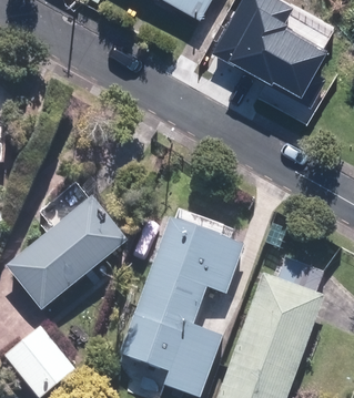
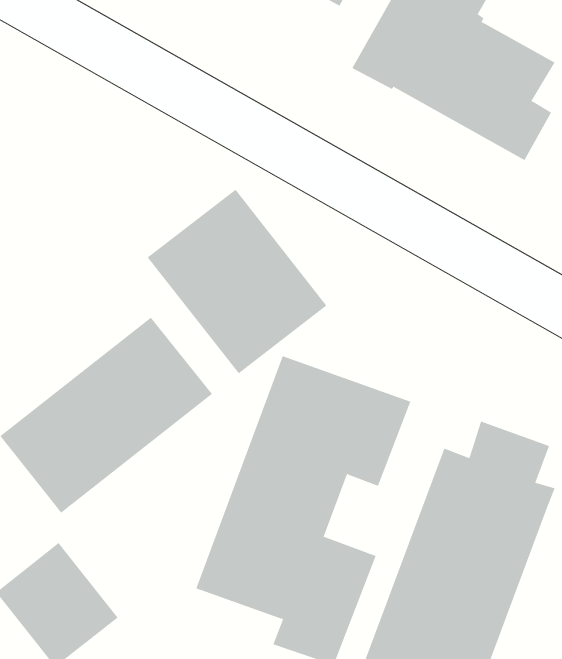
building: none -> [147,189,327,374]

